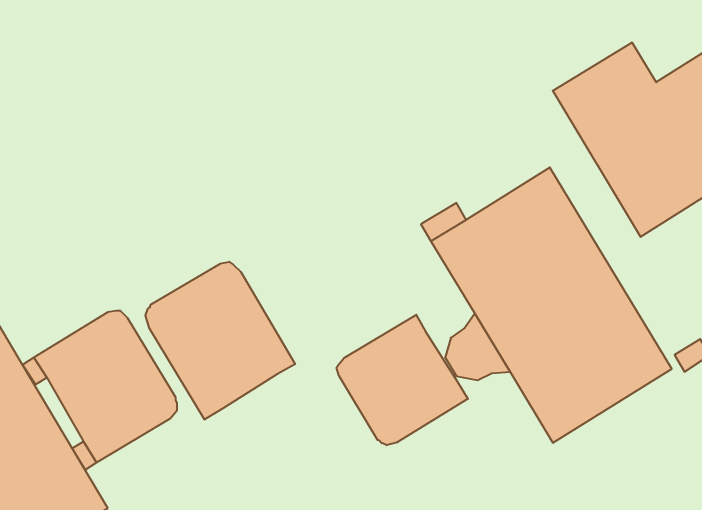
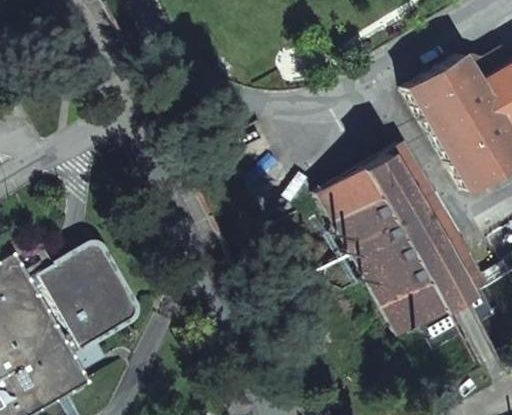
building: [146,262,295,420] -> none
building: [337,315,468,445] -> none

